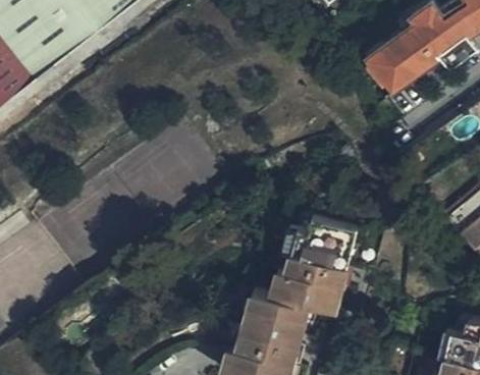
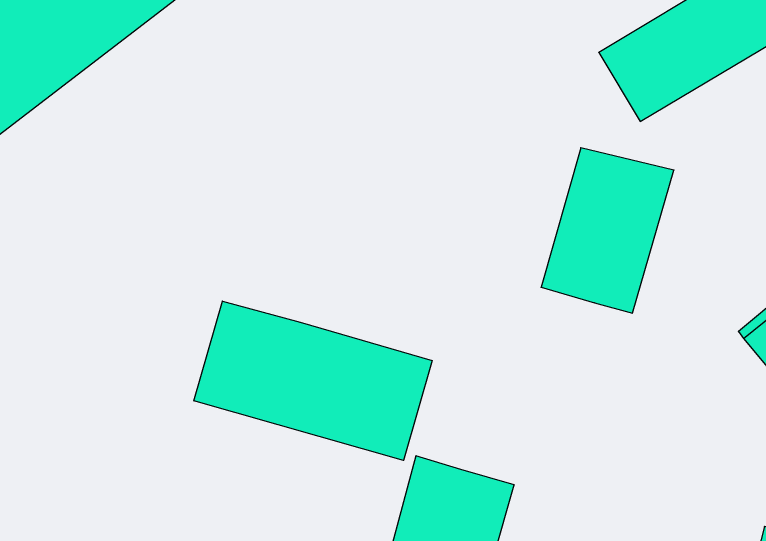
building: none -> [194,301,432,460]
building: [277,214,356,312] -> [541,148,674,313]

